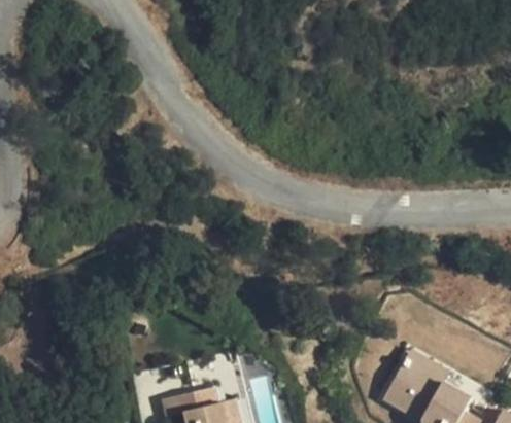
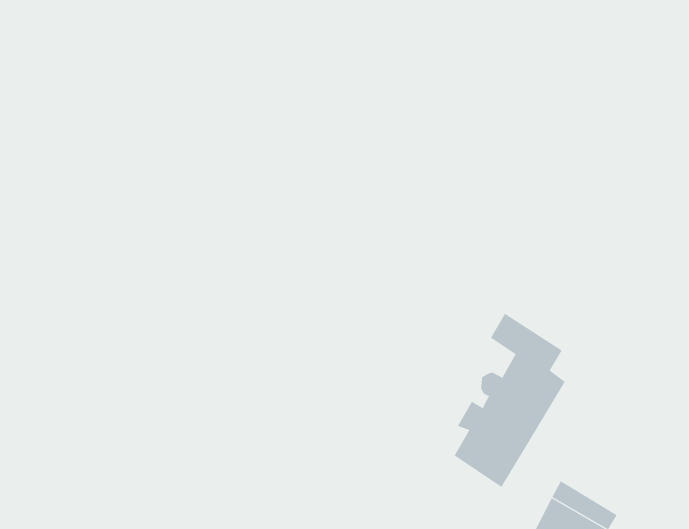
building: none -> [454,313,565,488]

